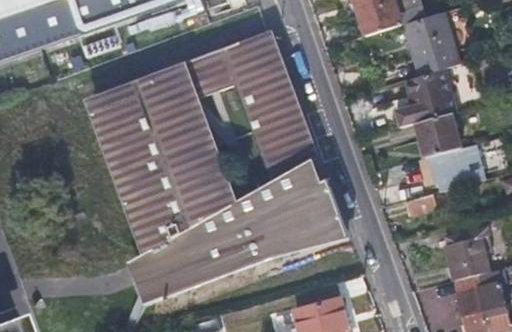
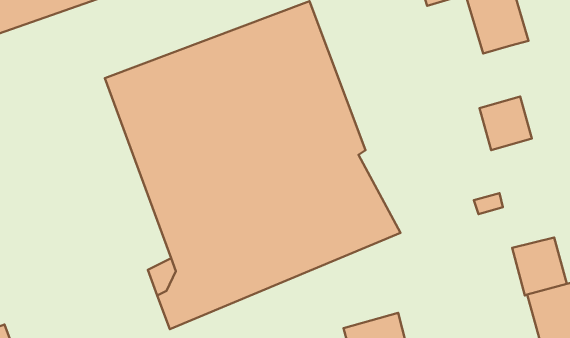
building: [402,68,454,122] -> none
building: [417,144,484,193] -> none

